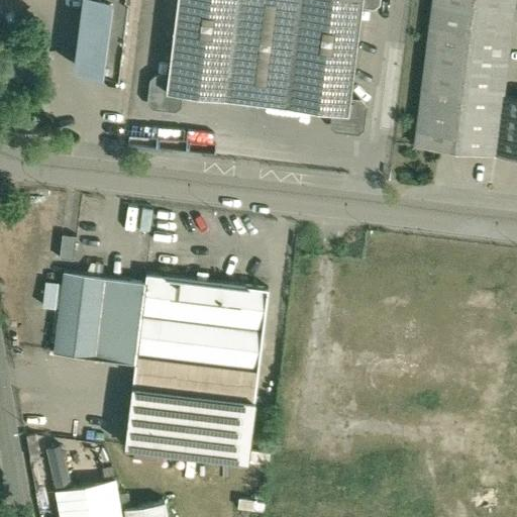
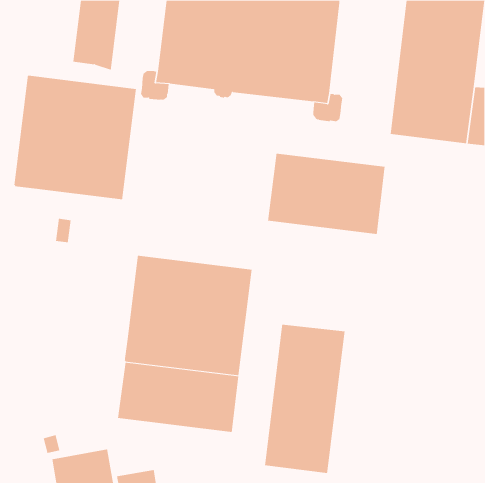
building: none -> [14,75,137,200]
building: none -> [267,153,385,235]
building: [53,273,144,364] -> none
building: none -> [265,324,345,474]

